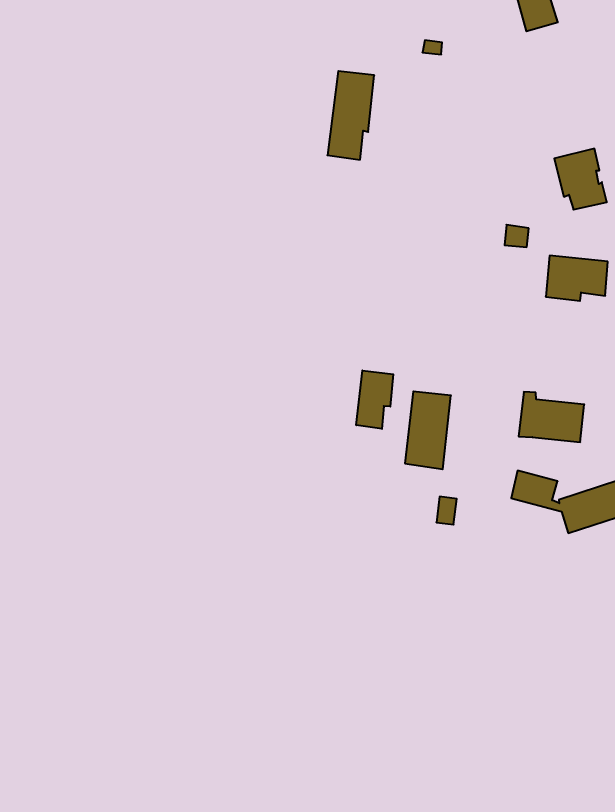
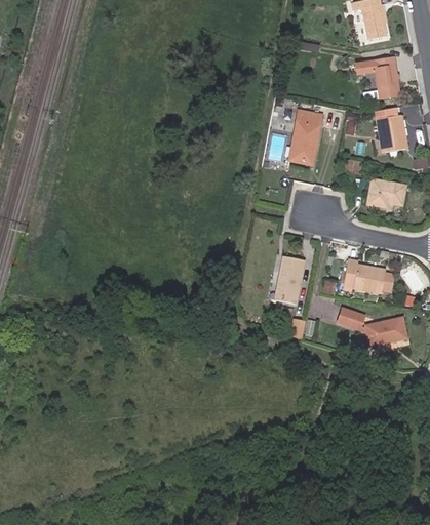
building: none -> [356,62,399,100]
building: [327,71,374,160] -> [288,109,320,163]
building: [356,370,393,429] -> none

